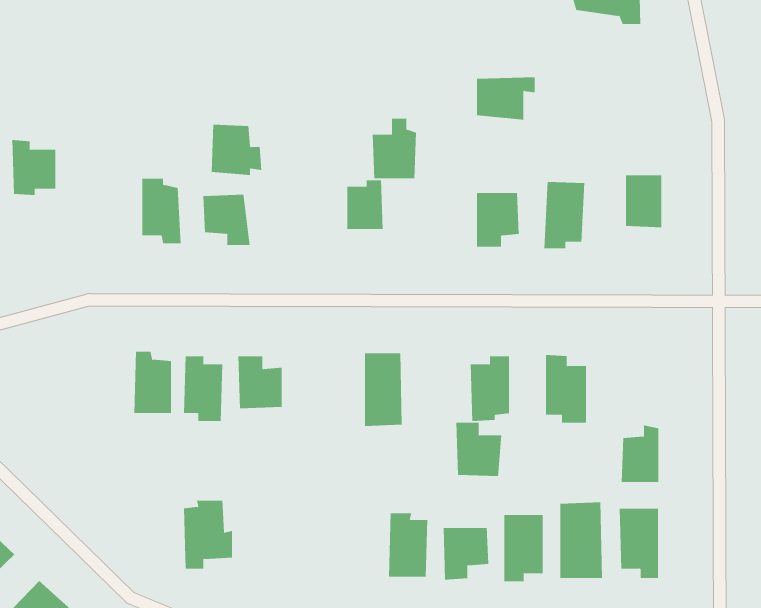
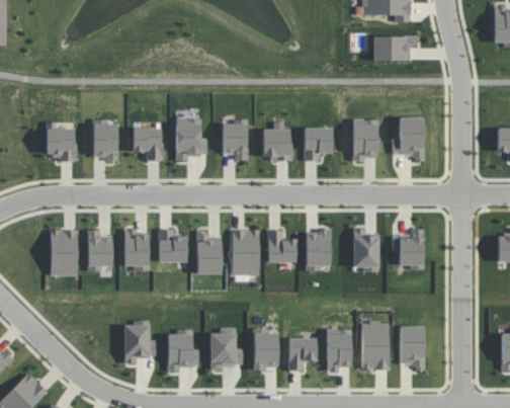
building: [476,77,535,120] -> [377,34,415,62]
building: [372,118,417,179] -> [264,120,292,159]
building: [211,124,262,175] -> [178,124,210,156]
building: [11,140,56,196] -> [49,121,77,157]
building: none -> [53,229,82,274]
building: none -> [195,235,221,276]
building: [456,422,502,477] -> [270,231,300,265]
building: [621,425,659,483] -> [401,227,425,263]
building: none -> [208,329,242,373]
building: none -> [166,332,197,373]

